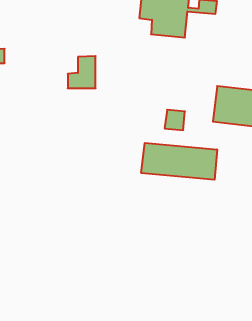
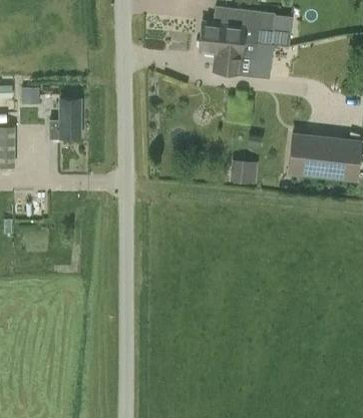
building: [68,56,96,88] -> [48,99,81,137]
building: [141,143,217,180] -> none

